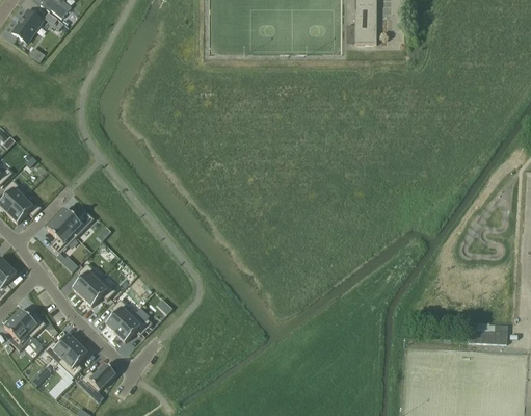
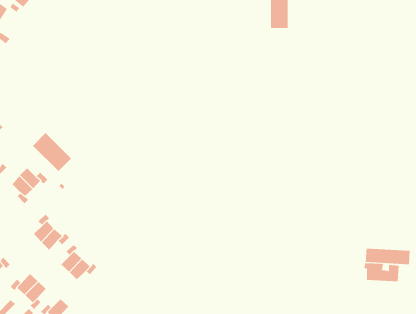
building: none -> [32,132,72,172]
building: none -> [365,248,410,265]

